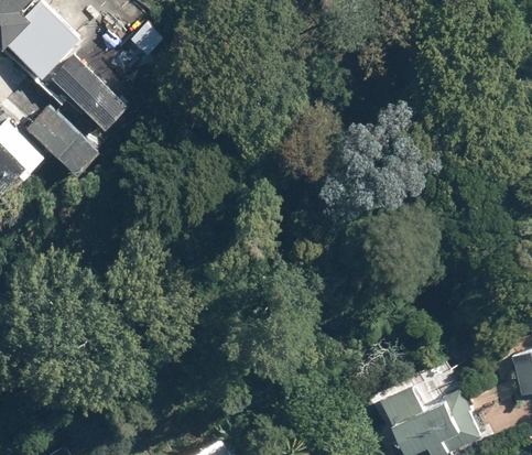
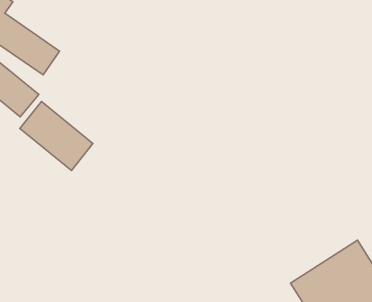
building: none -> [20,101,93,170]

